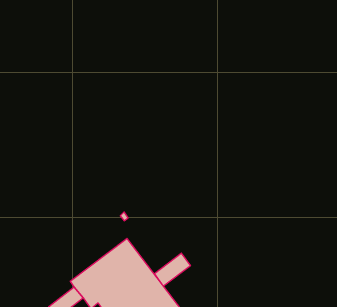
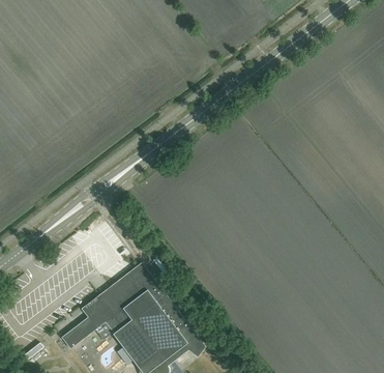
building: [154,253,190,286] -> none

